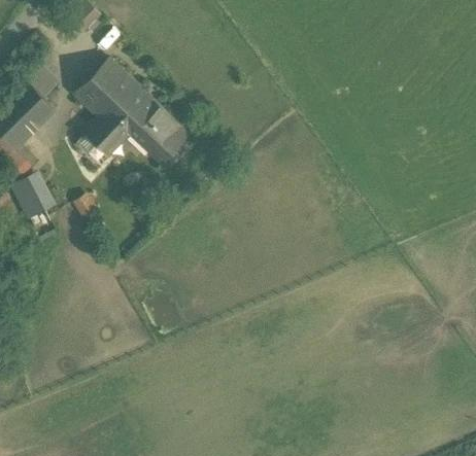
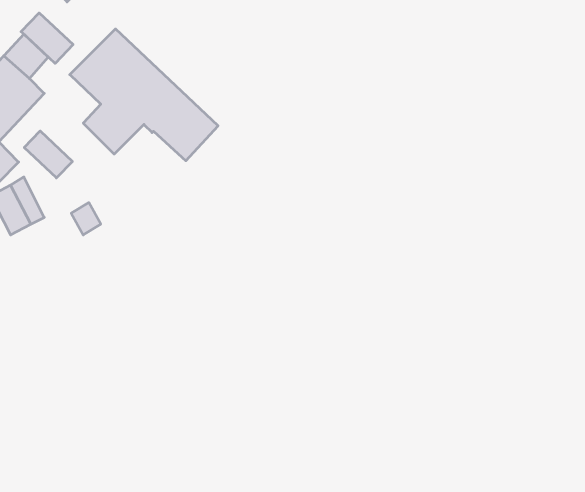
building: none -> [21,13,73,63]
building: none -> [24,131,72,178]

